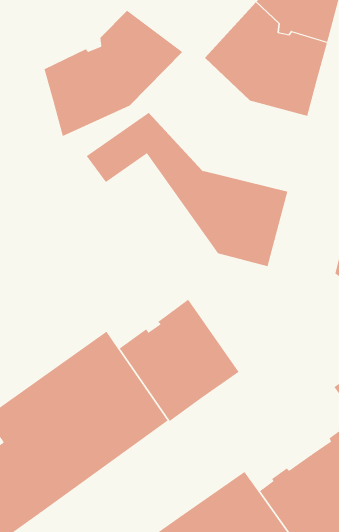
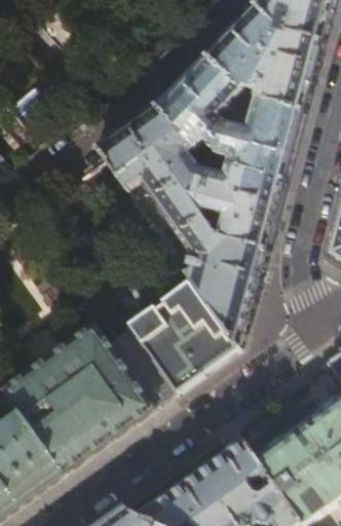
building: [44,10,183,137] -> none
building: none -> [153,55,301,180]
building: none -> [113,145,264,347]

